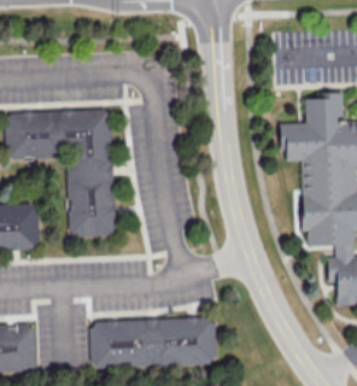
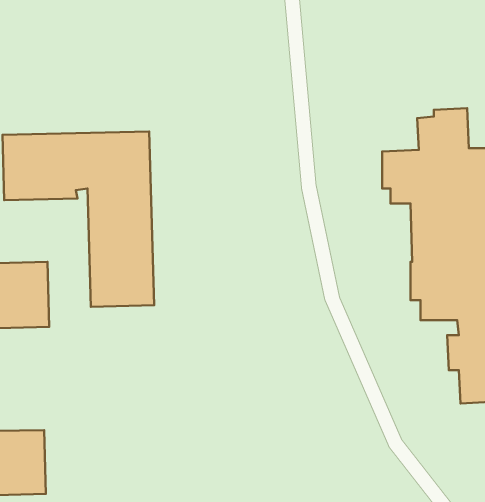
building: [89,318,217,368] -> none

